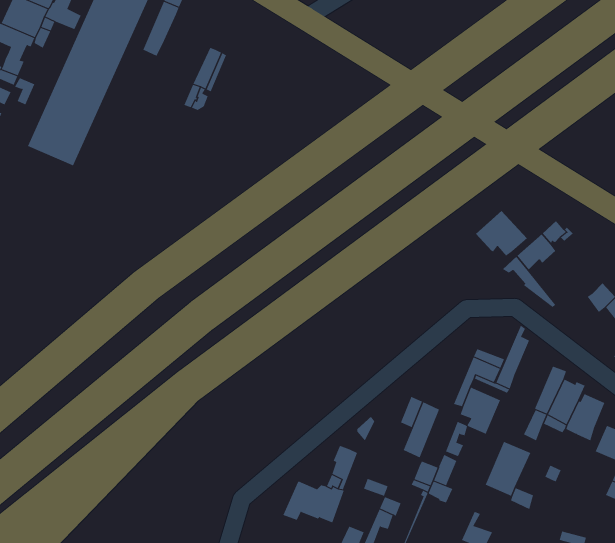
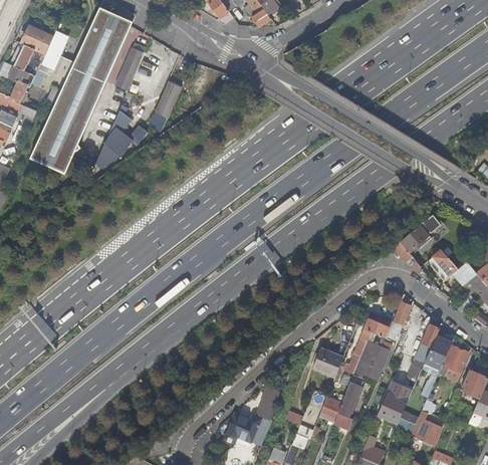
building: none -> [94,108,147,168]
building: [475,210,528,257] -> none
building: none -> [427,248,458,279]
building: none -> [414,419,442,448]

